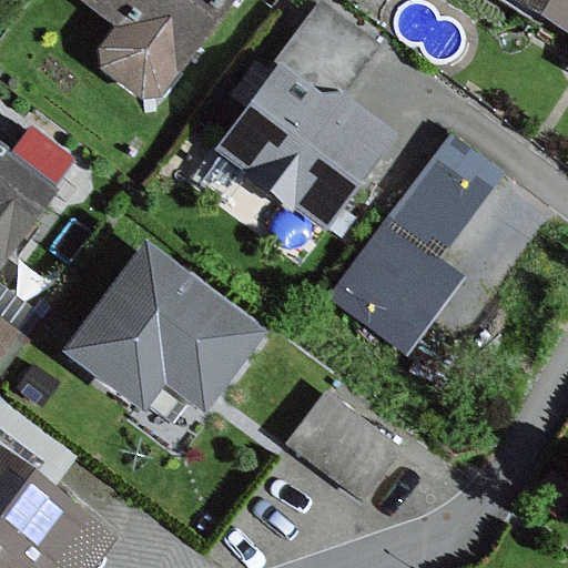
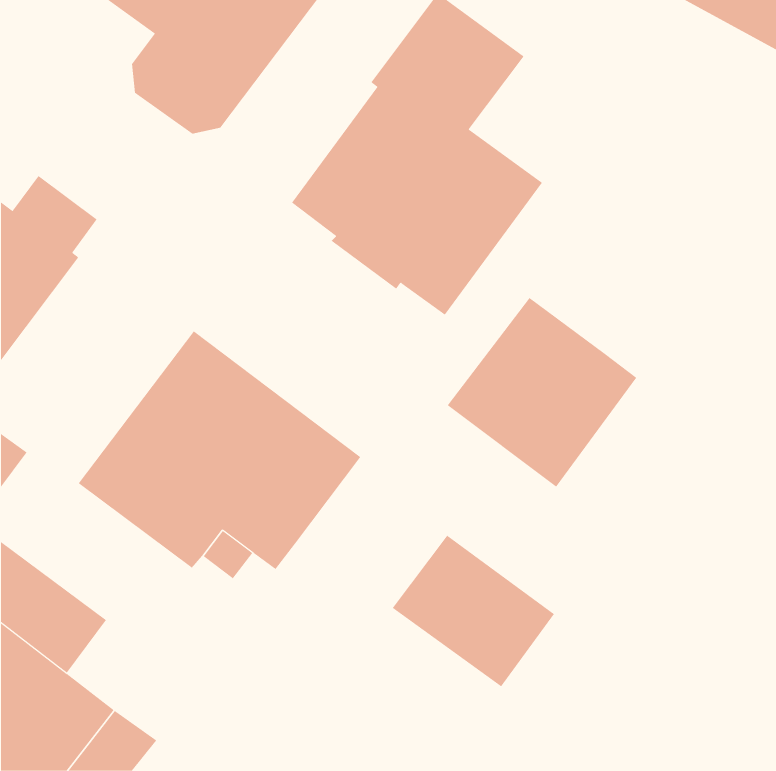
building: [387,132,506,257] -> none

